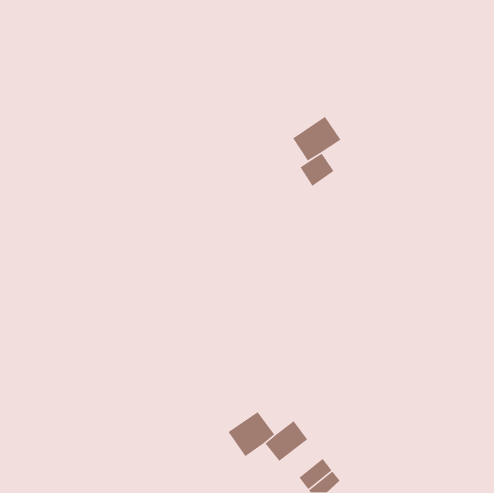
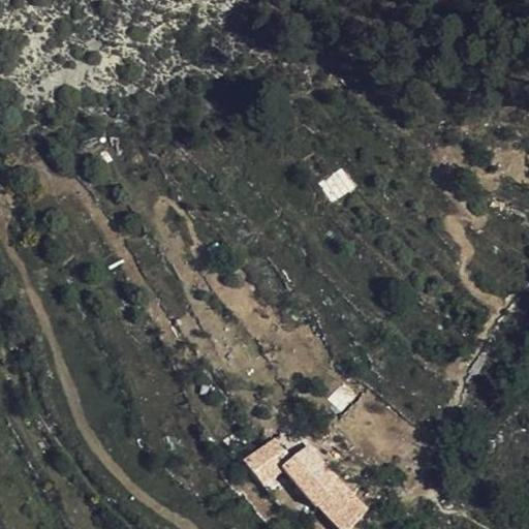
building: [292,116,342,162] -> none
building: none -> [300,467,346,510]

